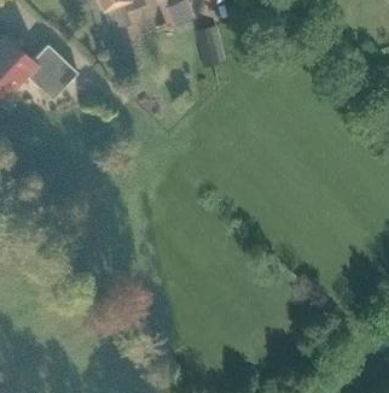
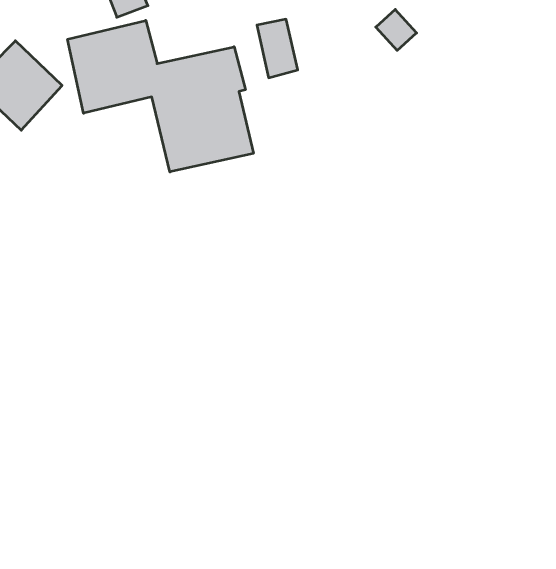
building: none -> [68,20,253,172]

